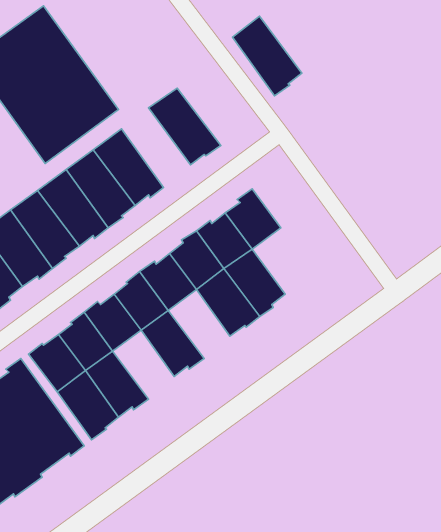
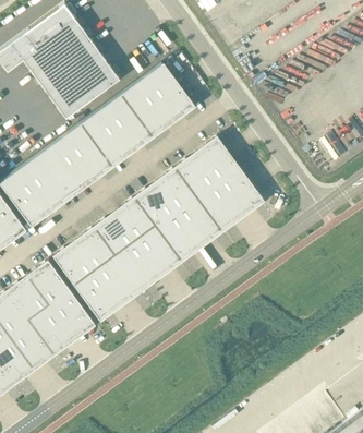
building: [233,16,302,96] -> [121,80,171,137]
building: none -> [216,167,262,215]
building: none -> [155,212,199,262]
building: none -> [114,241,159,291]

